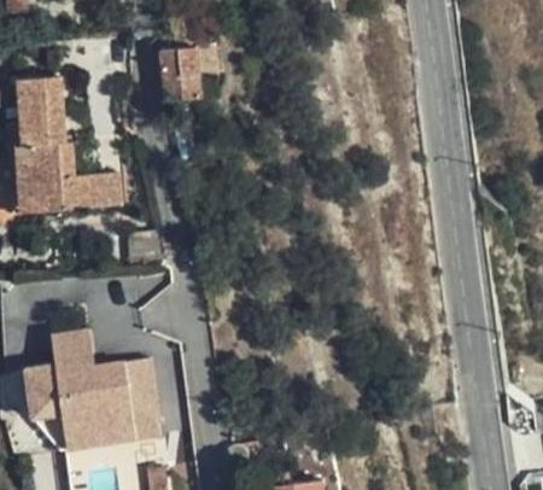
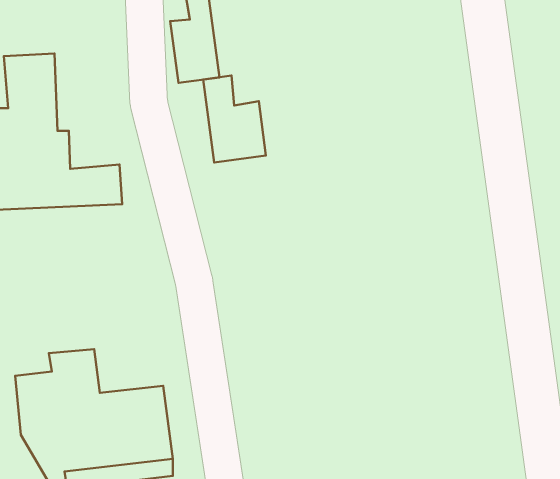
building: none -> [203,76,266,162]

